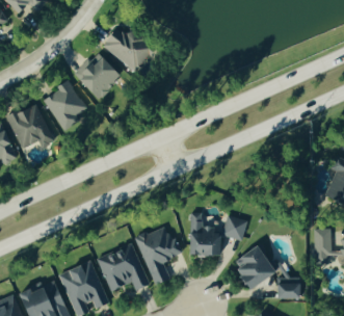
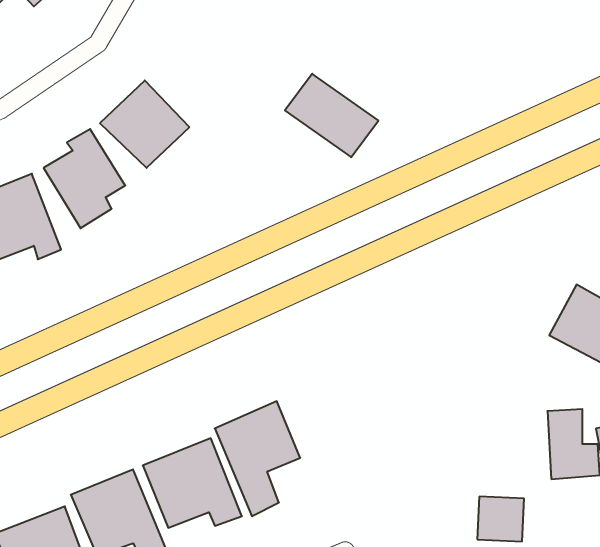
building: [102,27,152,72] -> [285,74,378,157]
building: [188,213,248,257] -> none
building: [232,246,273,289] -> none

